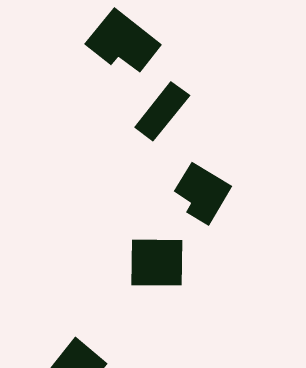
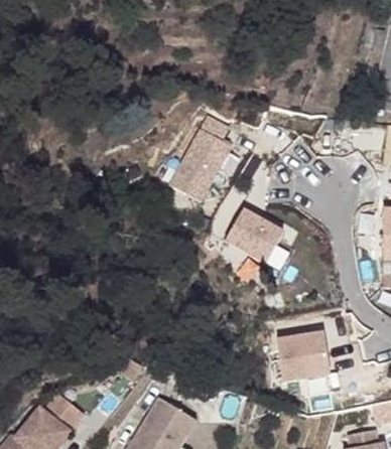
building: [83,6,163,74] -> none
building: [131,239,183,286] -> [280,327,338,381]

